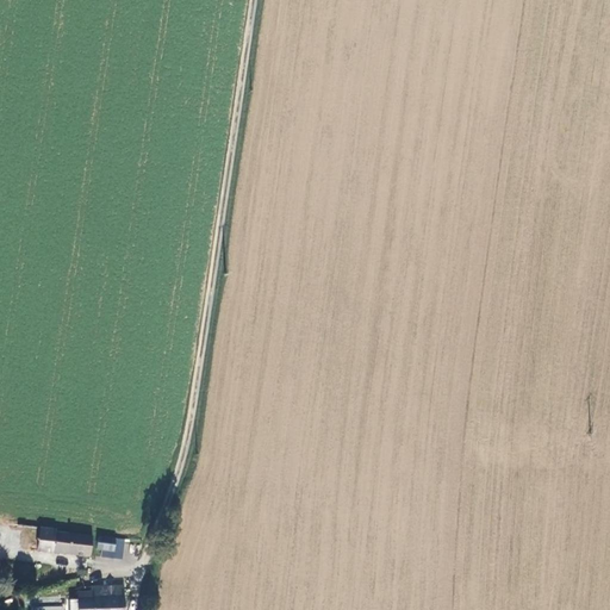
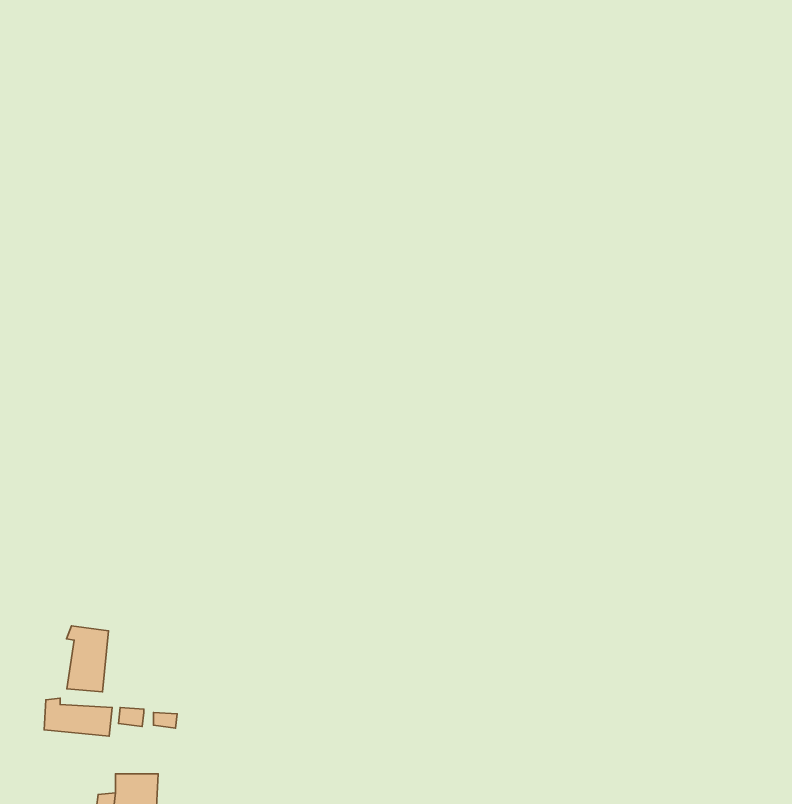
building: none -> [66,626,108,692]

